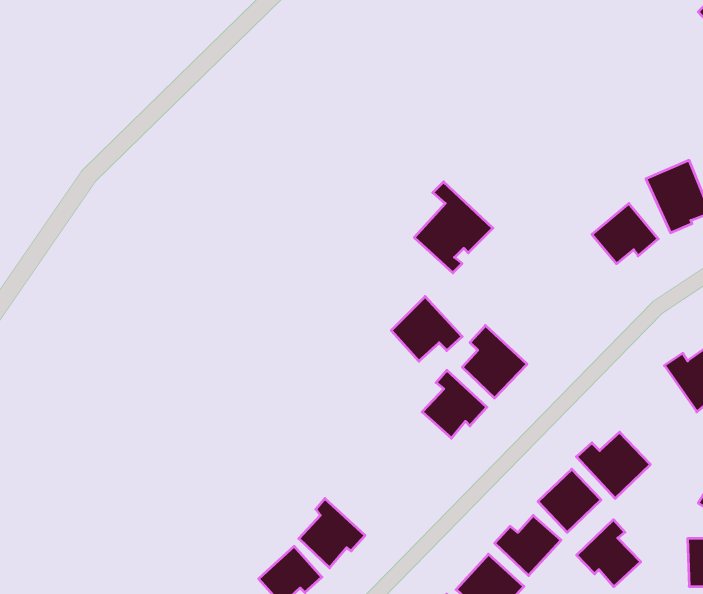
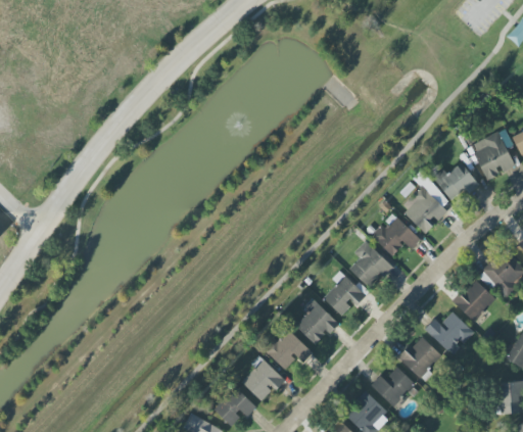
building: [414,182,493,273] -> [401,172,454,232]
building: [391,296,462,361] -> [374,213,421,256]
building: none -> [454,279,496,322]
building: none -> [296,298,340,344]
building: none -> [265,331,314,370]
building: [577,520,641,587] -> none

